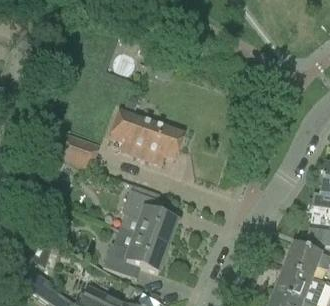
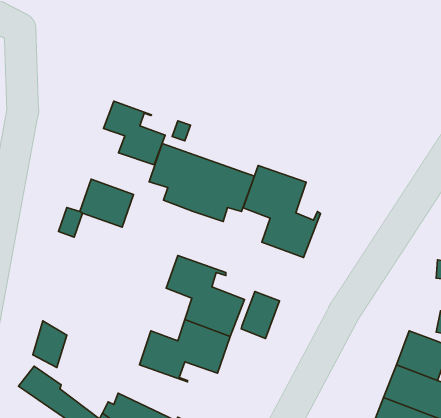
building: none -> [103,101,165,165]
building: none -> [243,166,321,258]
building: none -> [241,291,279,338]

